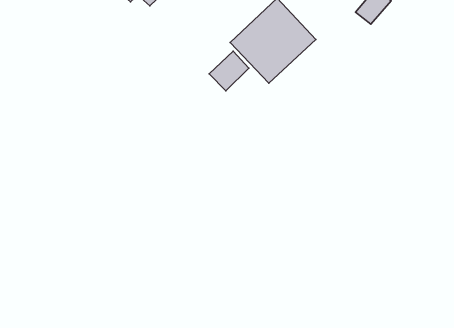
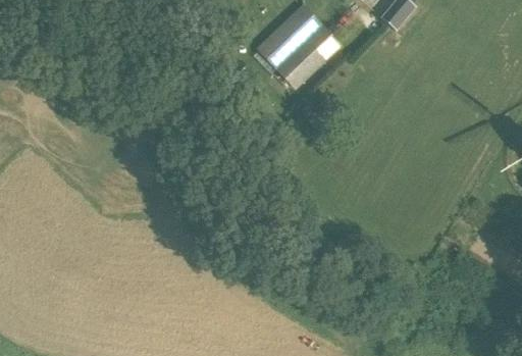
building: [209,51,249,91] -> none

